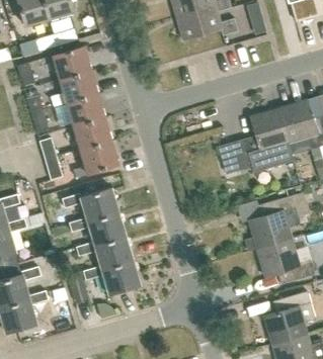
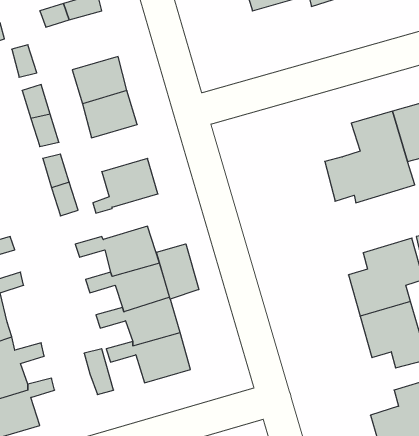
building: [52,48,90,80] -> none
building: [72,117,110,150] -> none
building: none -> [156,244,199,299]

